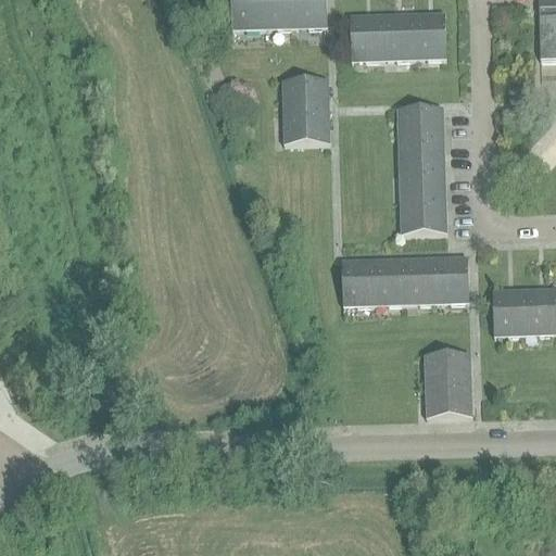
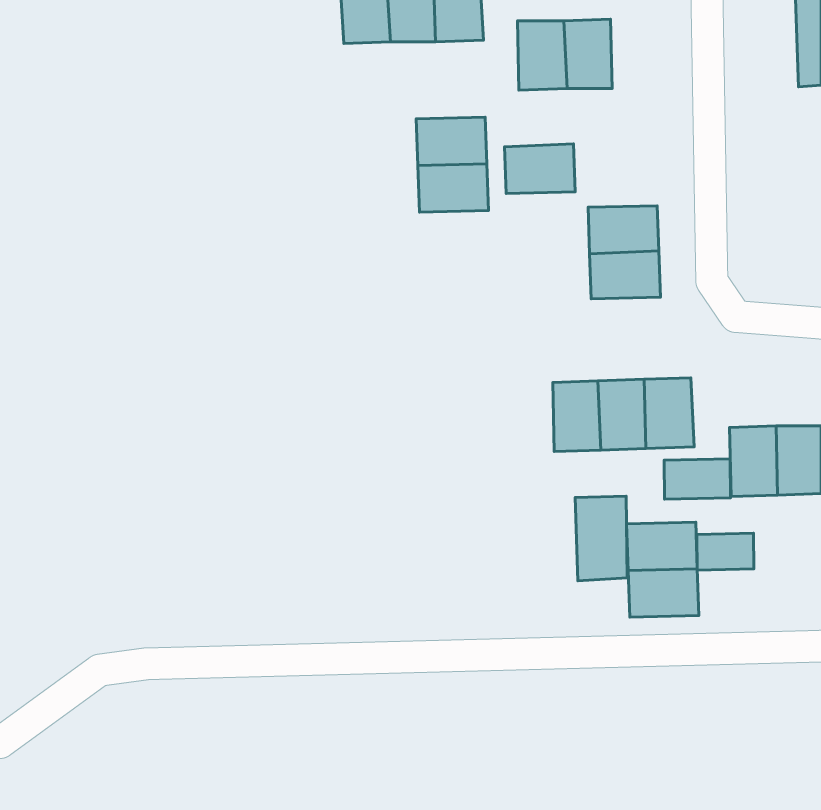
building: [413,12,446,60] -> none
building: [396,106,444,140] -> [505,144,575,194]
building: [400,201,447,233] -> none
building: [342,258,375,306] -> none
building: none -> [664,459,731,499]
building: none -> [575,496,627,581]
building: none -> [697,533,754,570]

